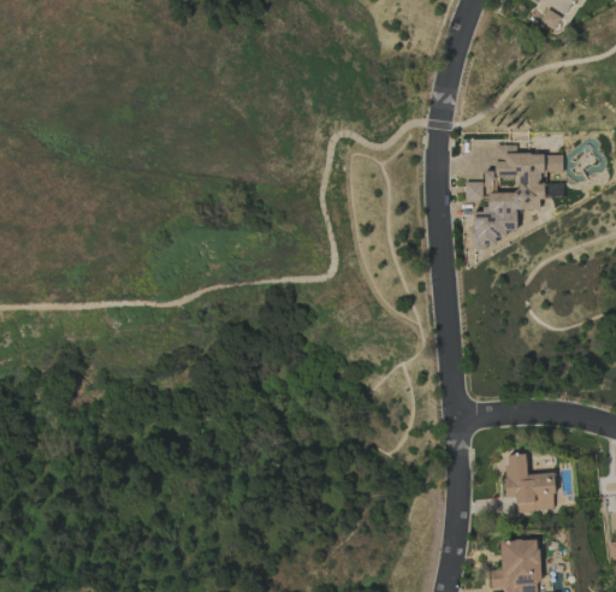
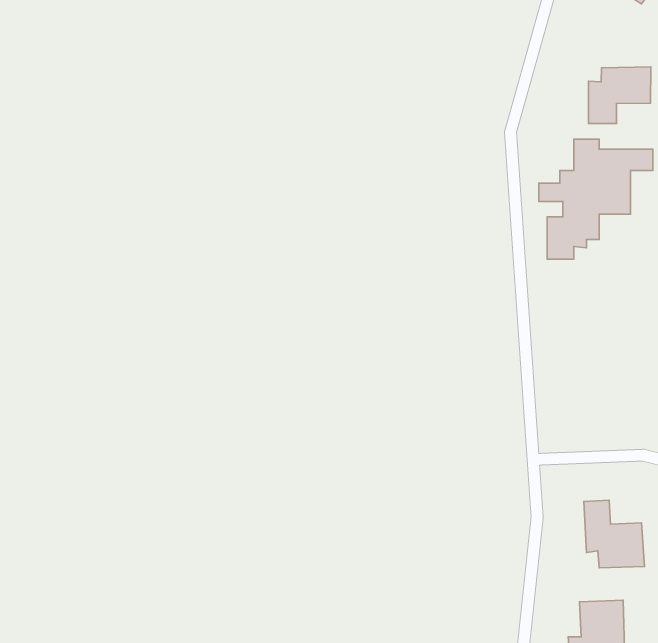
building: none -> [589,67,651,123]

